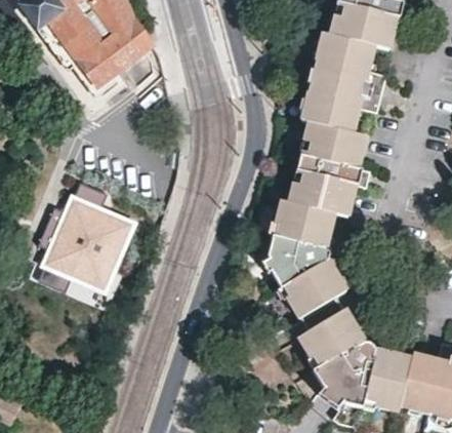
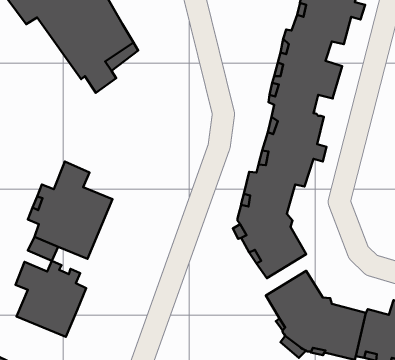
building: none -> [16,261,86,337]

